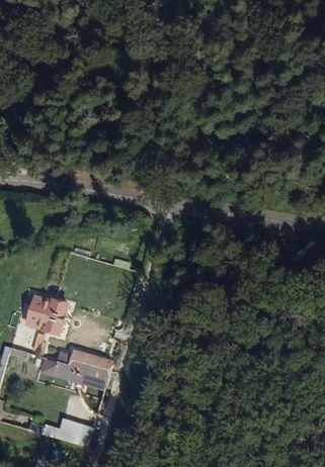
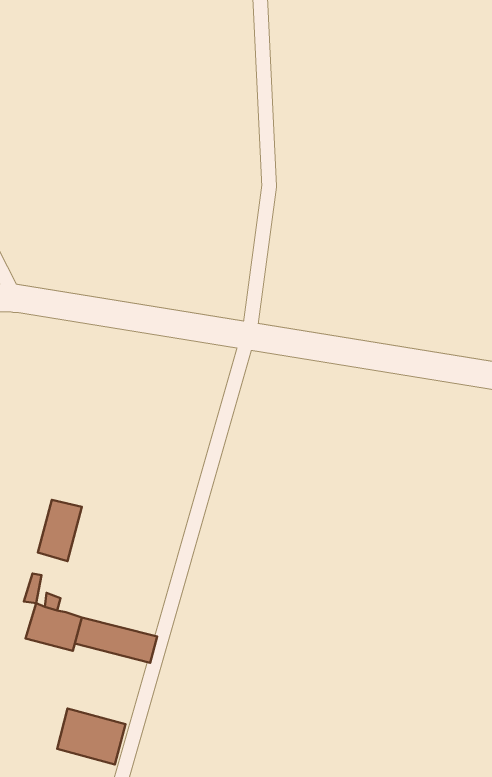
building: [26,292,50,326] -> none
building: [58,349,114,375] -> none

